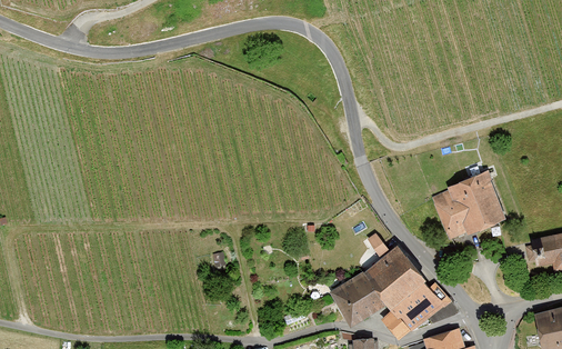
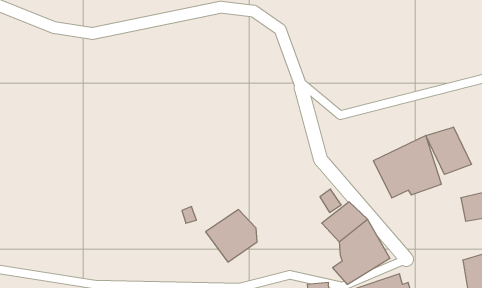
building: none -> [426,127,472,174]
building: [333,270,392,330] -> [206,210,257,262]

